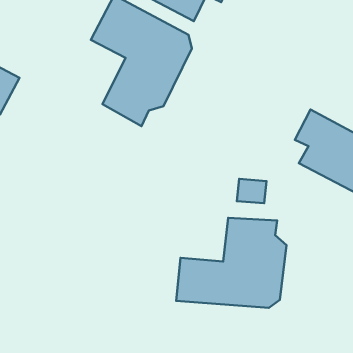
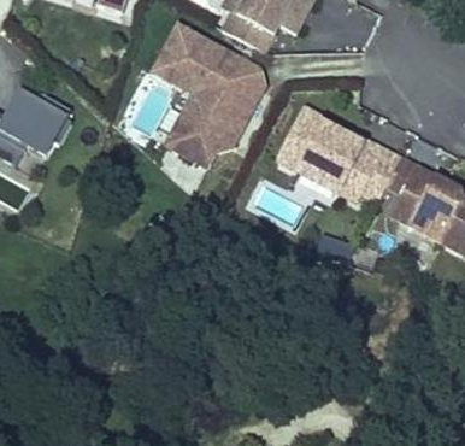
building: none -> [275,104,402,206]
building: [176,218,286,308] -> none

